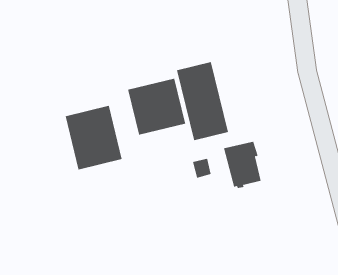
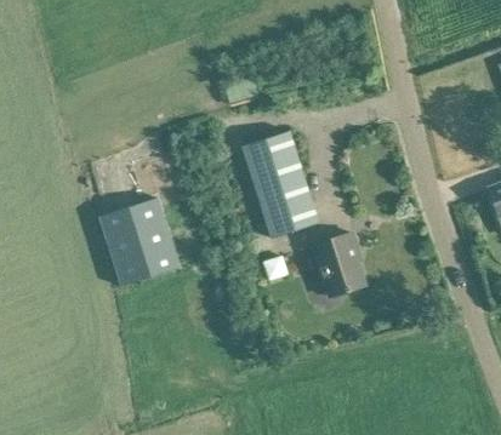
building: [128,78,186,136] -> none

